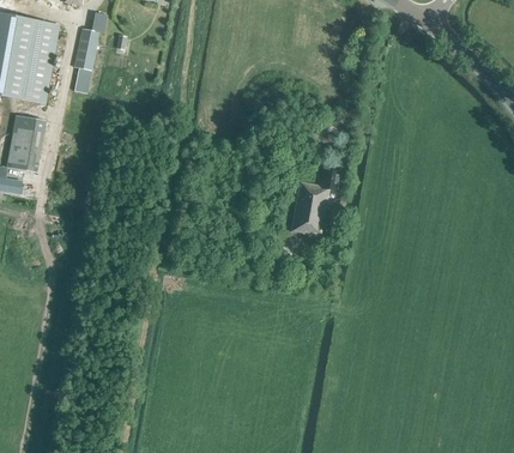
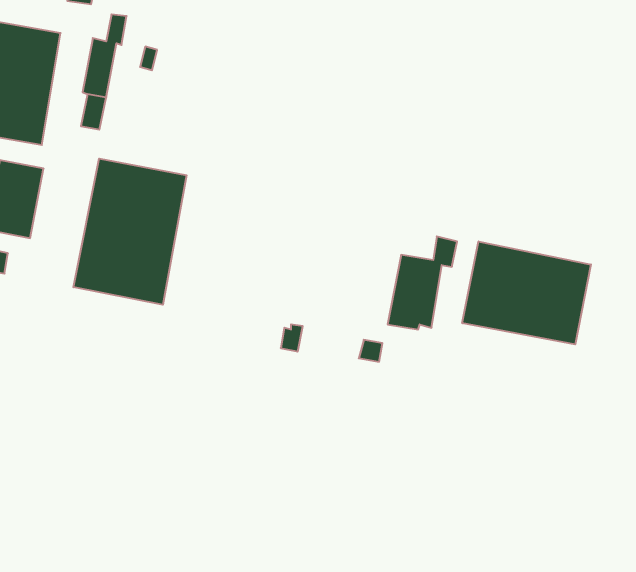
building: none -> [73,159,187,305]
building: none -> [462,241,591,344]

